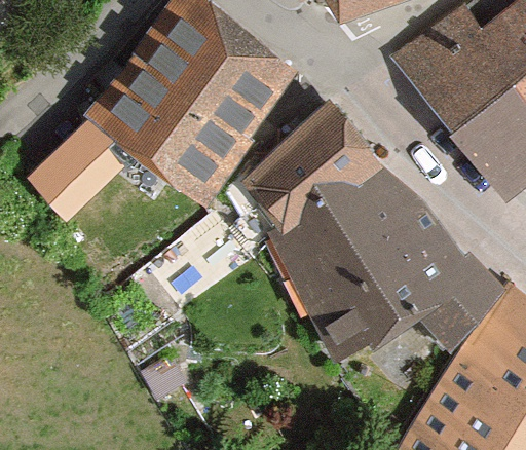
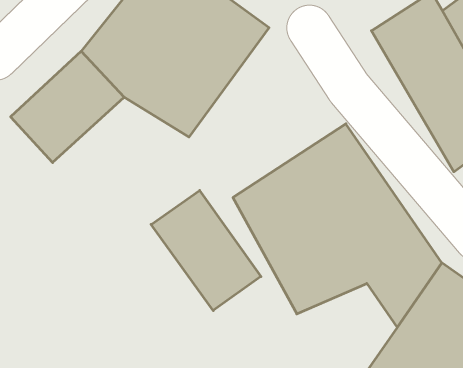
building: [216,89,381,245] -> none
building: none -> [151,190,261,311]

